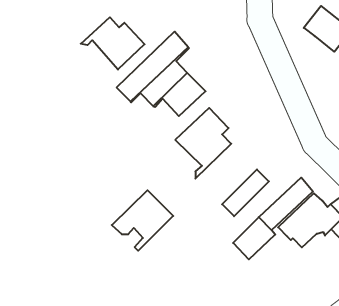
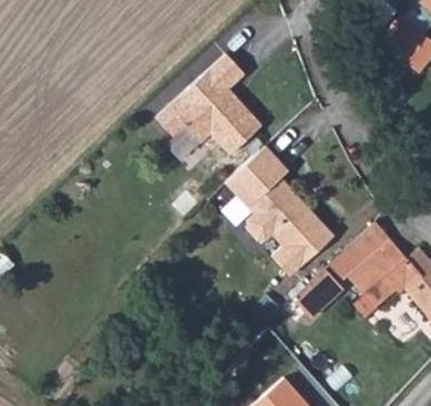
building: [81,17,145,70] -> none
building: [112,190,173,251] -> [248,187,322,260]

